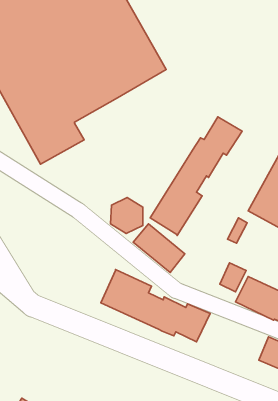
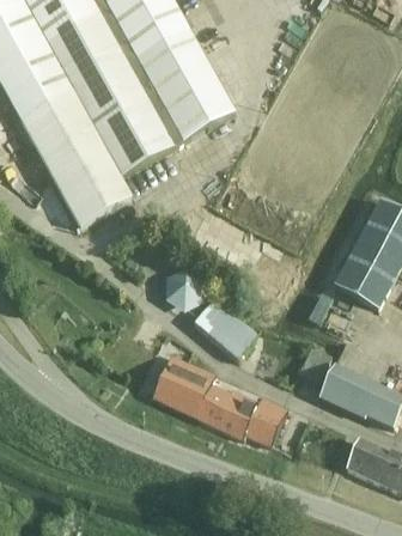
building: [150,117,242,235] -> none

